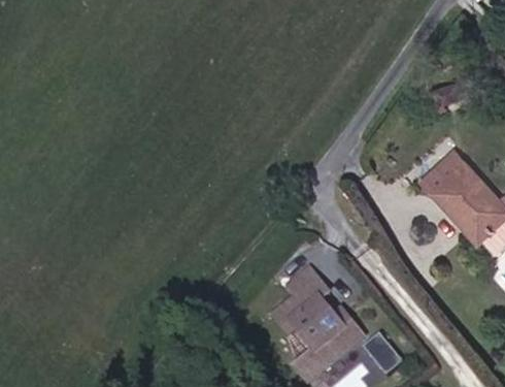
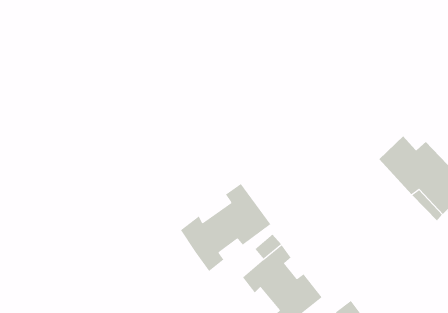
building: none -> [180,183,271,272]

